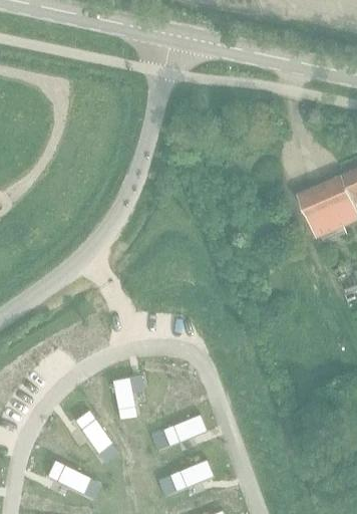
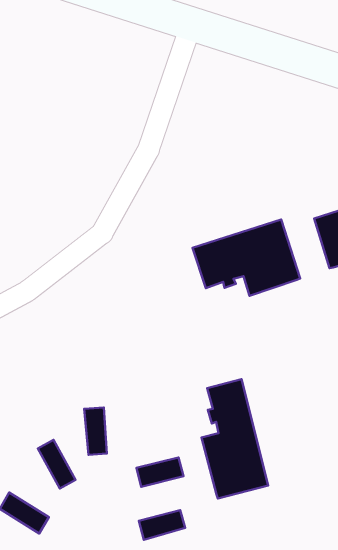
building: none -> [193,220,300,296]
building: none -> [202,379,268,498]

